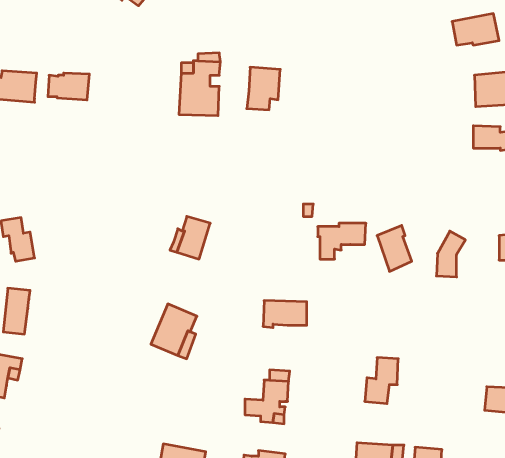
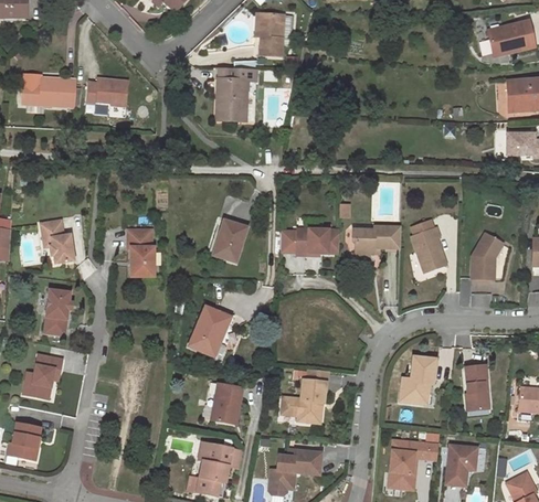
building: [247,67,280,110] -> [258,13,292,55]
building: none -> [126,231,152,276]
building: [263,301,307,328] -> [294,228,337,255]
building: none -> [466,366,488,412]
building: none -> [210,384,241,423]

